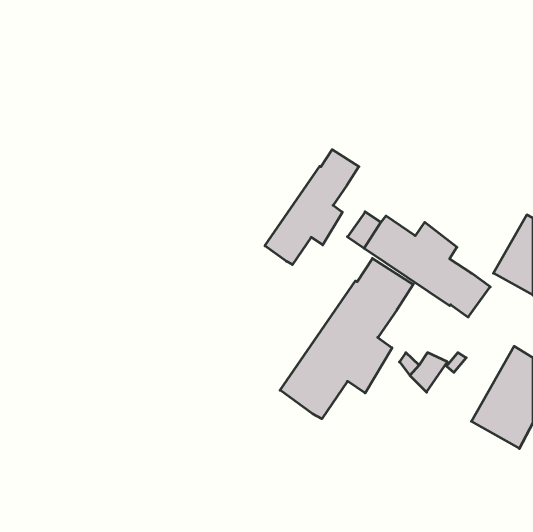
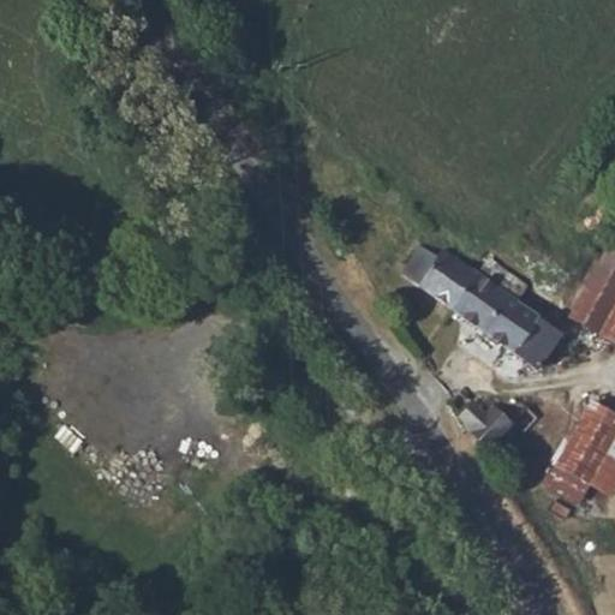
building: [265,150,359,265] -> none
building: [280,258,413,419] -> none

